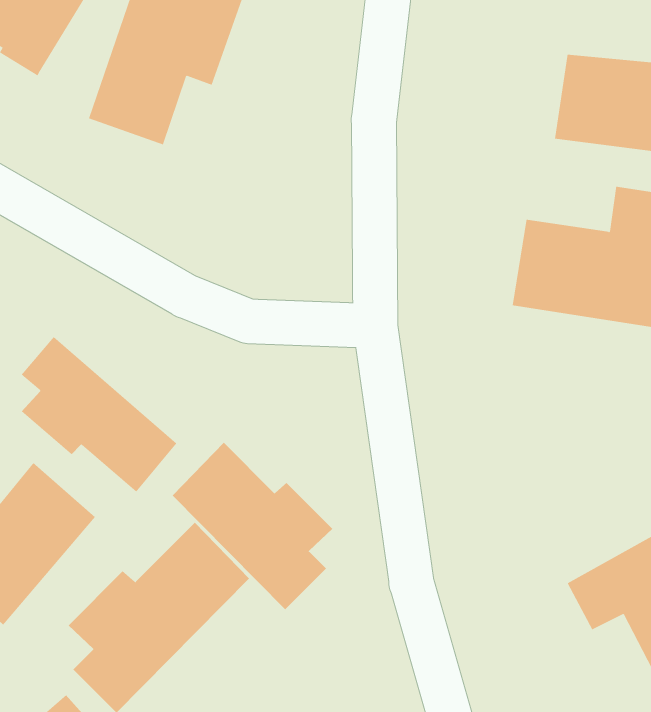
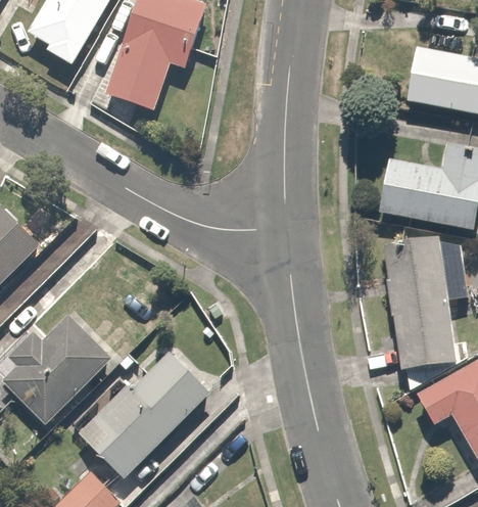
building: [21,336,177,492] -> none
building: none -> [382,234,458,369]
building: [172,442,333,610] -> none

